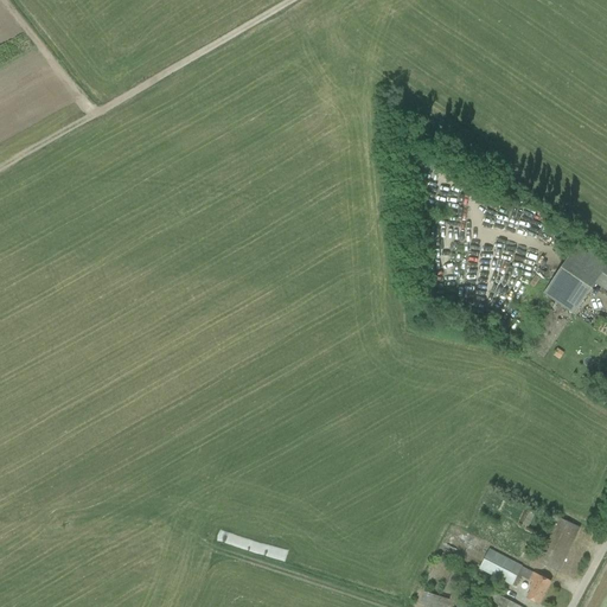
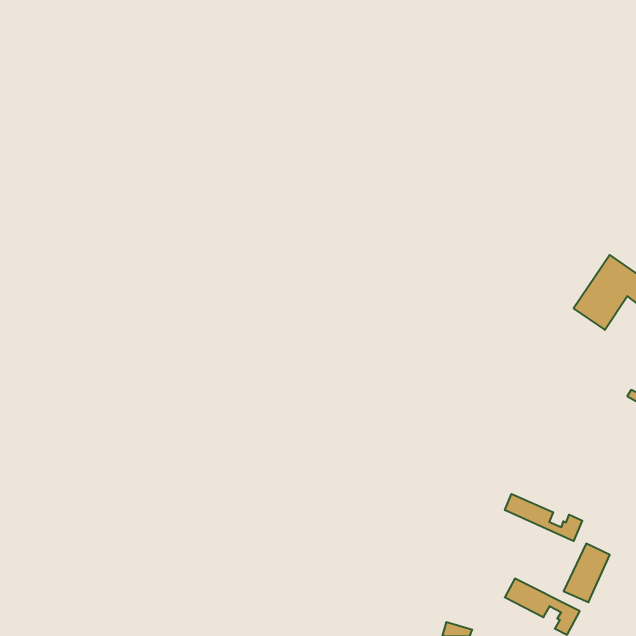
building: none -> [505,494,582,541]

